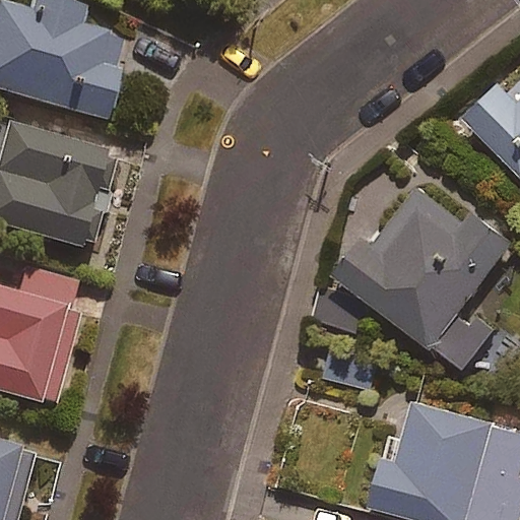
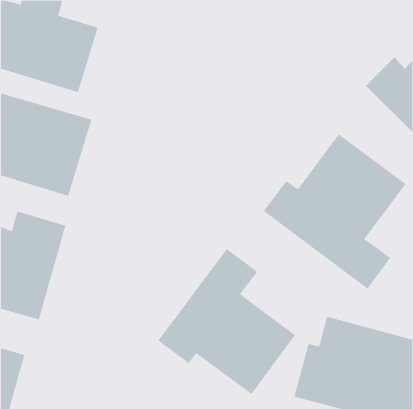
building: none -> [157,248,296,395]

